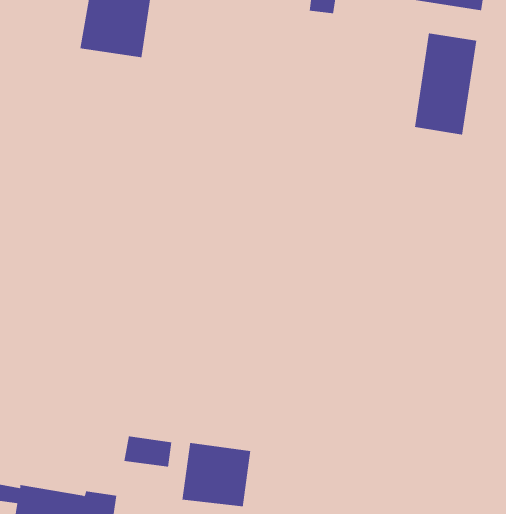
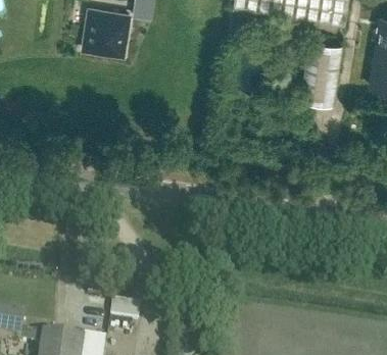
building: [182,442,251,507] -> none

